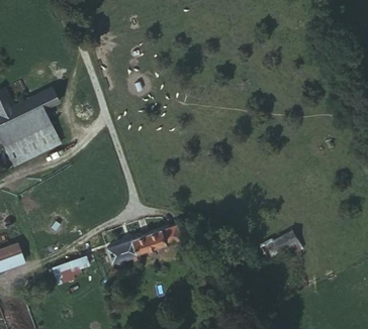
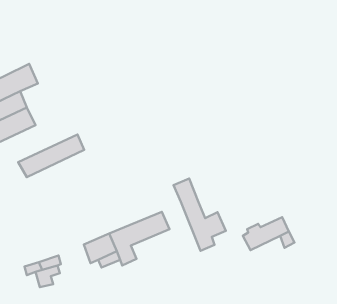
building: none -> [18,134,84,177]
building: none -> [174,178,226,251]

